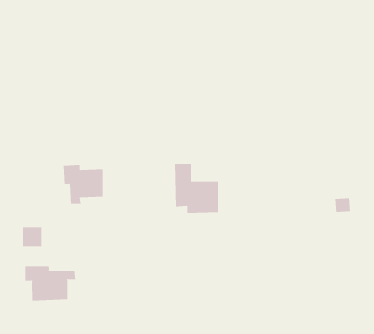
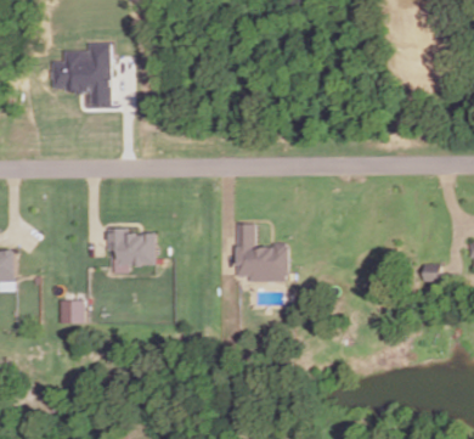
building: none -> [50,43,111,105]
building: [25,266,76,301] -> none

